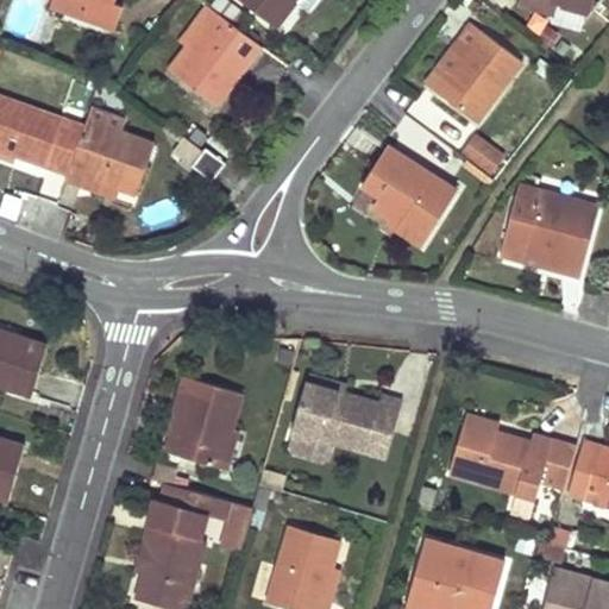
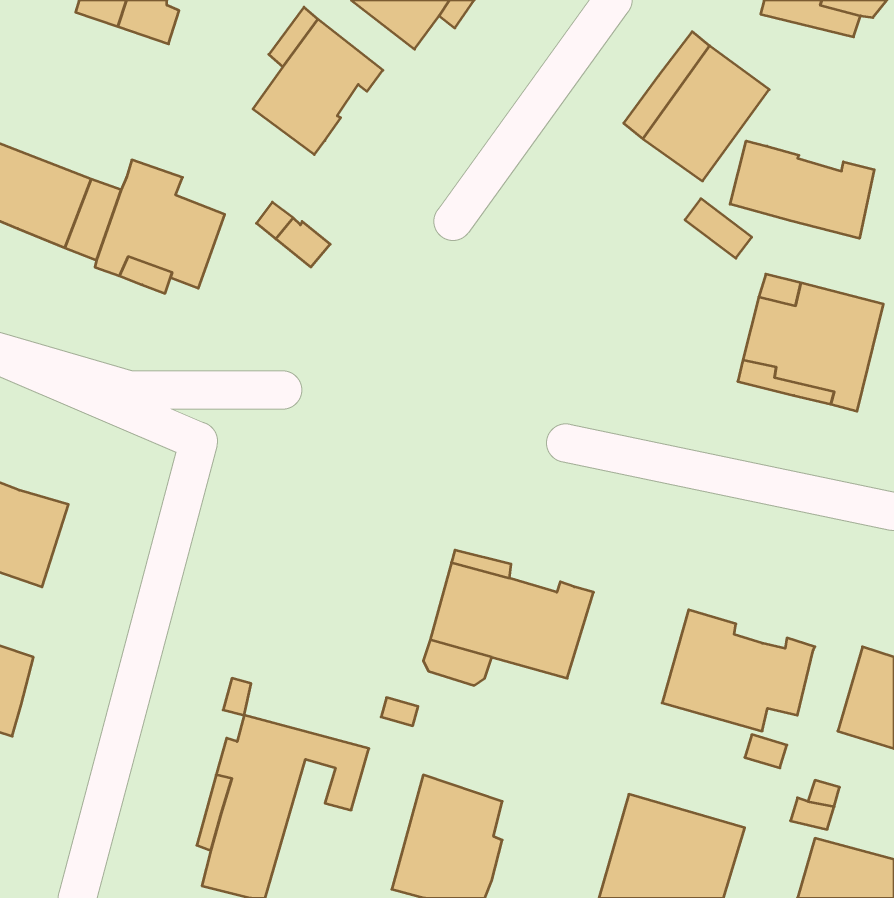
building: none -> [730,141,874,238]
building: [362,150,456,247] -> none
building: [165,377,243,469] -> none
building: [540,440,576,491] -> none

